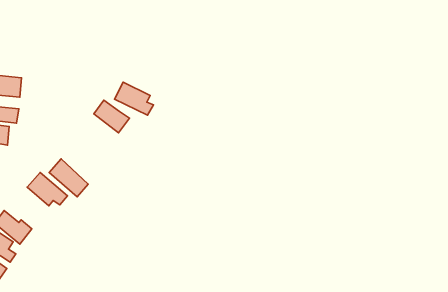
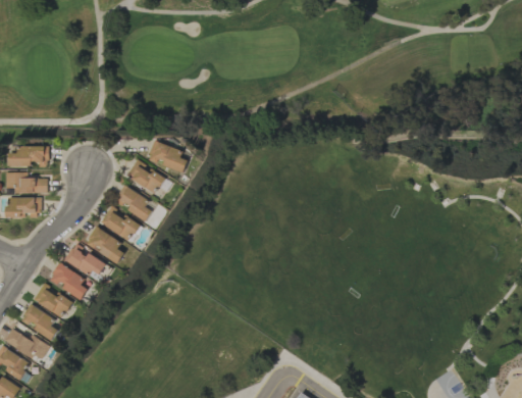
building: none -> [114,187,156,221]
building: none -> [100,208,139,242]
building: none -> [49,263,92,299]

